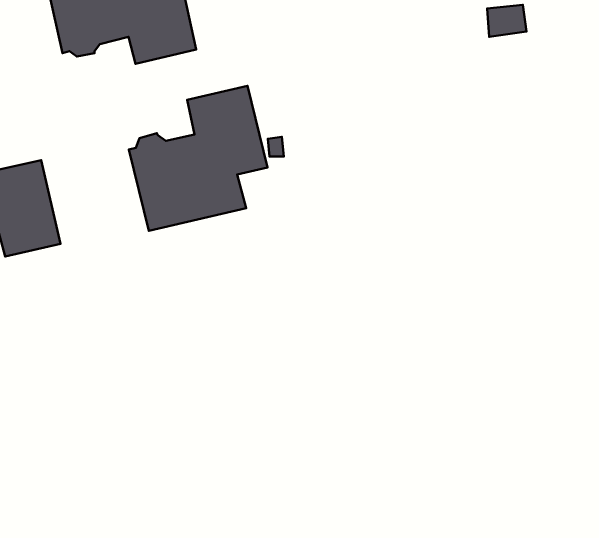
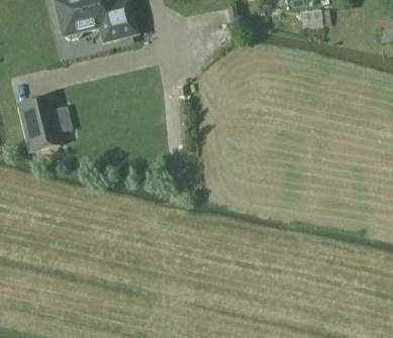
building: [129,86,267,231] -> none

